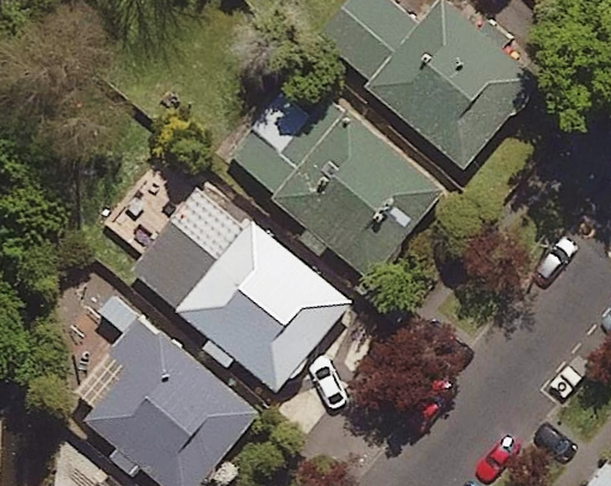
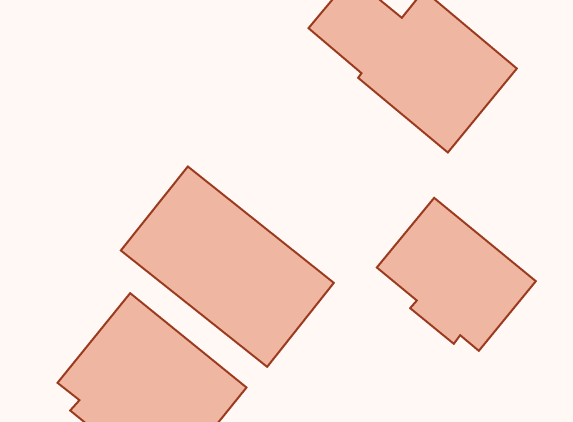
building: [227,98,444,278] -> none
building: none -> [377,198,536,351]

